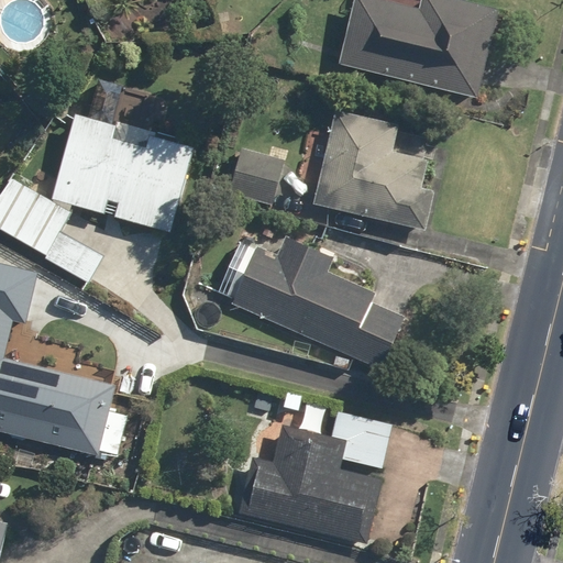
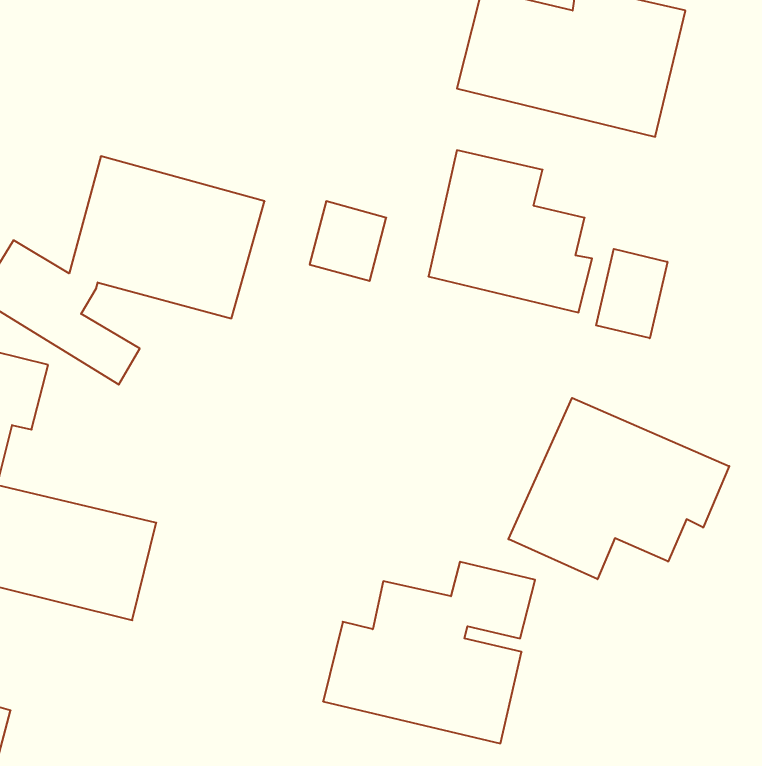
building: none -> [596,249,667,338]
building: [230,236,404,367] -> none
building: none -> [508,398,729,579]

